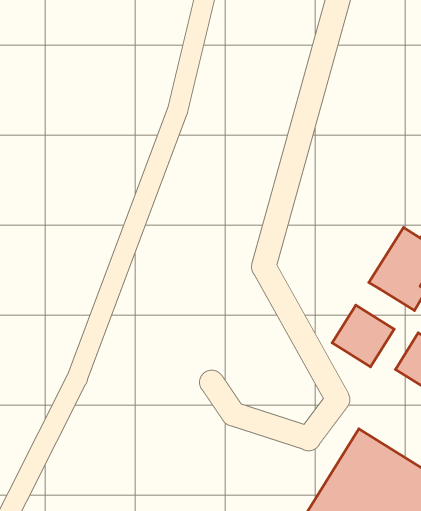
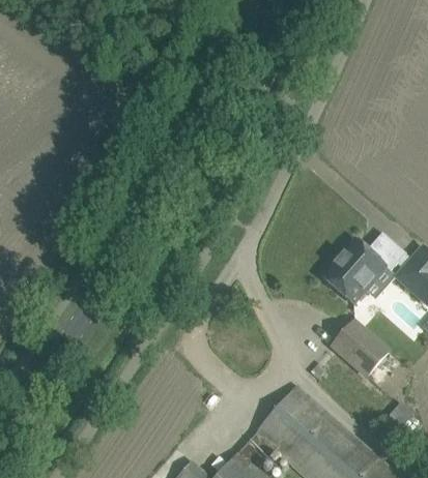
building: [332,305,394,367] -> none

